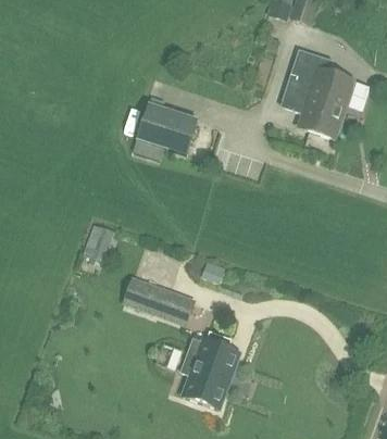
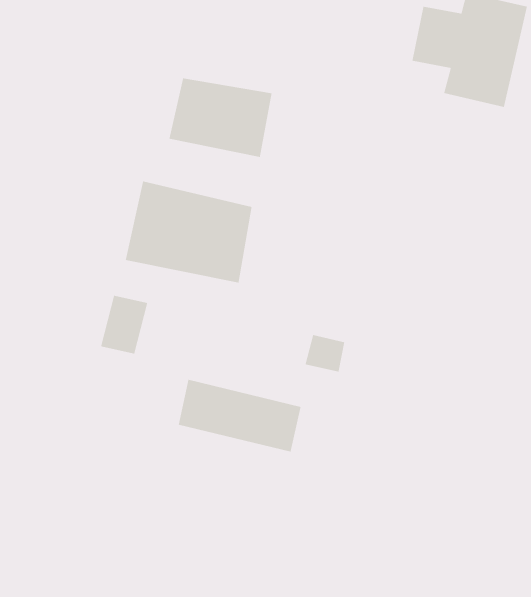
building: none -> [125,180,253,284]
building: [182,329,239,406] -> none

